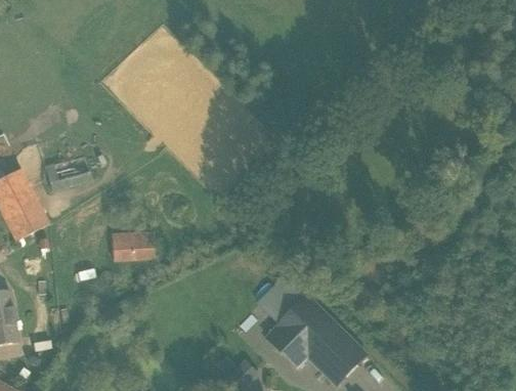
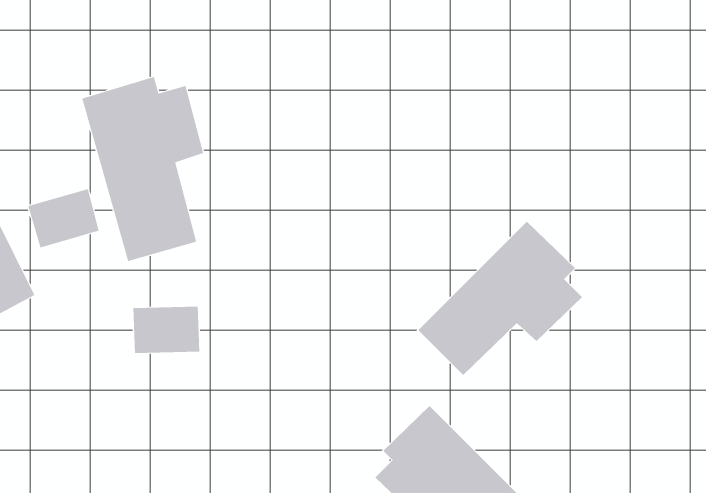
building: none -> [82,76,204,262]
building: none -> [417,221,583,376]

